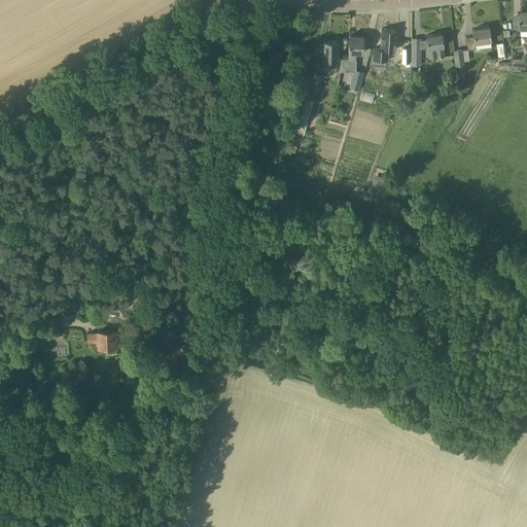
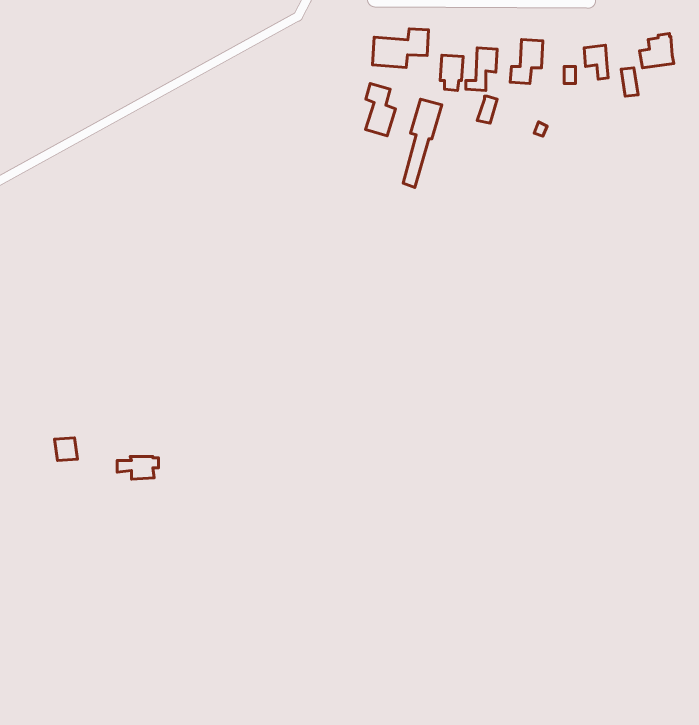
building: none -> [373,29,429,68]
building: none -> [366,83,395,136]

